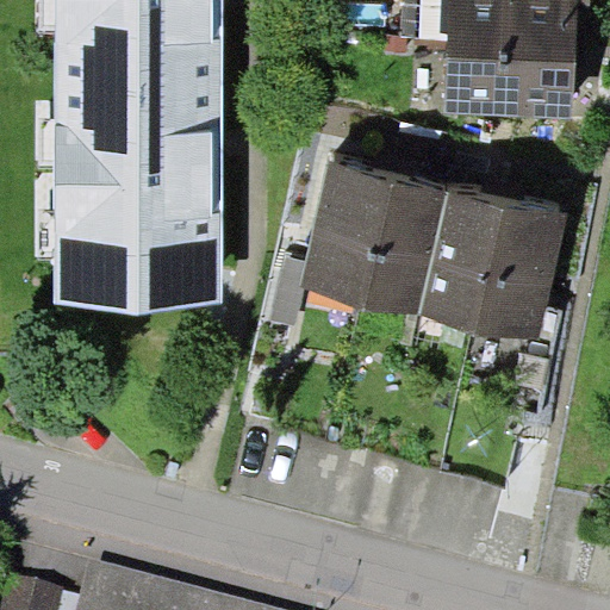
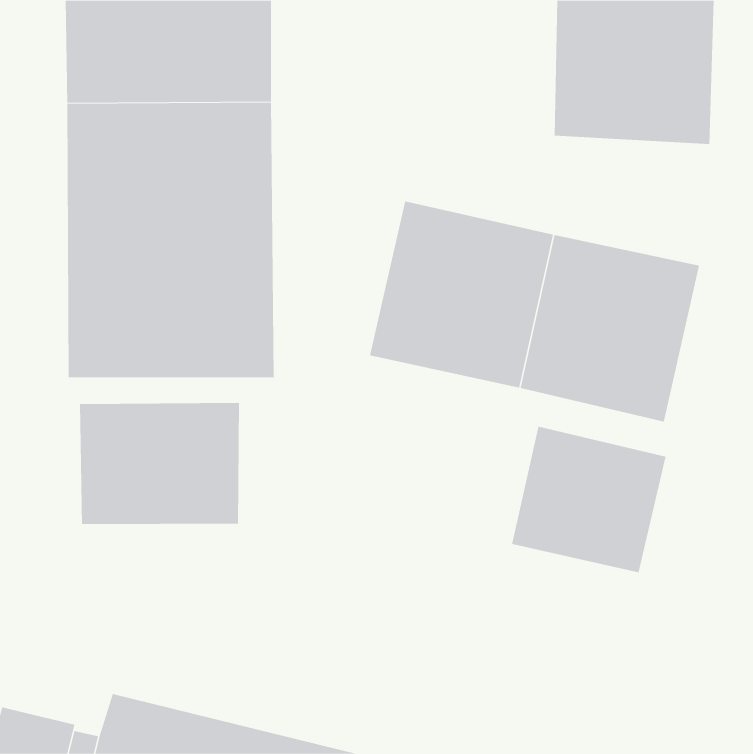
building: none -> [79,402,240,525]
building: none -> [512,426,666,573]

